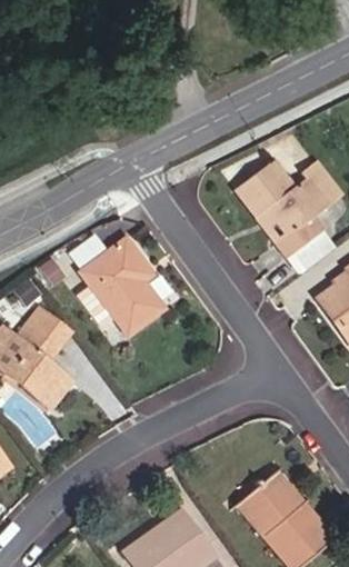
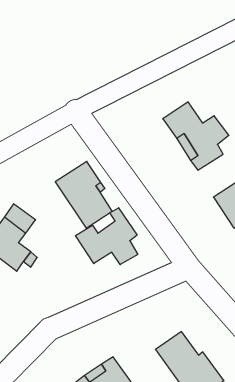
building: none -> [76,208,138,265]

